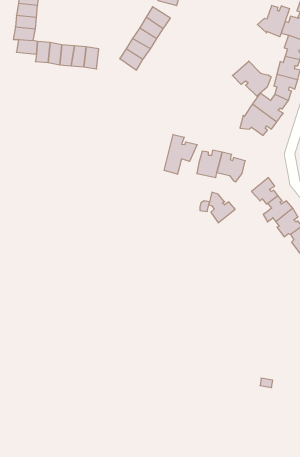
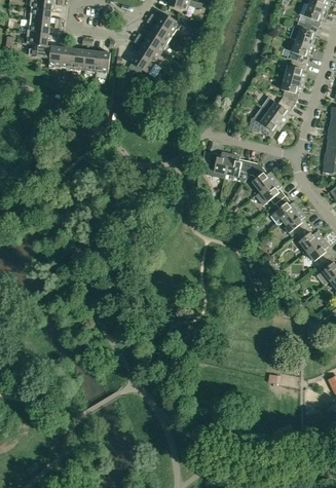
building: [257,5,290,37] -> none
building: [232,61,271,96] -> none
building: [164,134,197,174] -> none
building: [209,192,235,223] -> [250,161,275,191]

